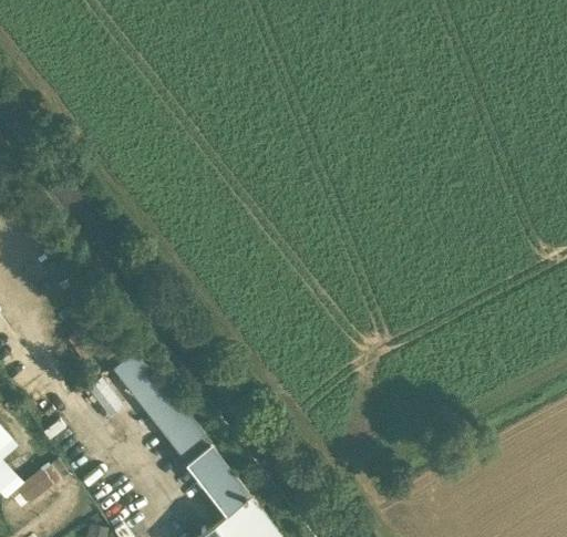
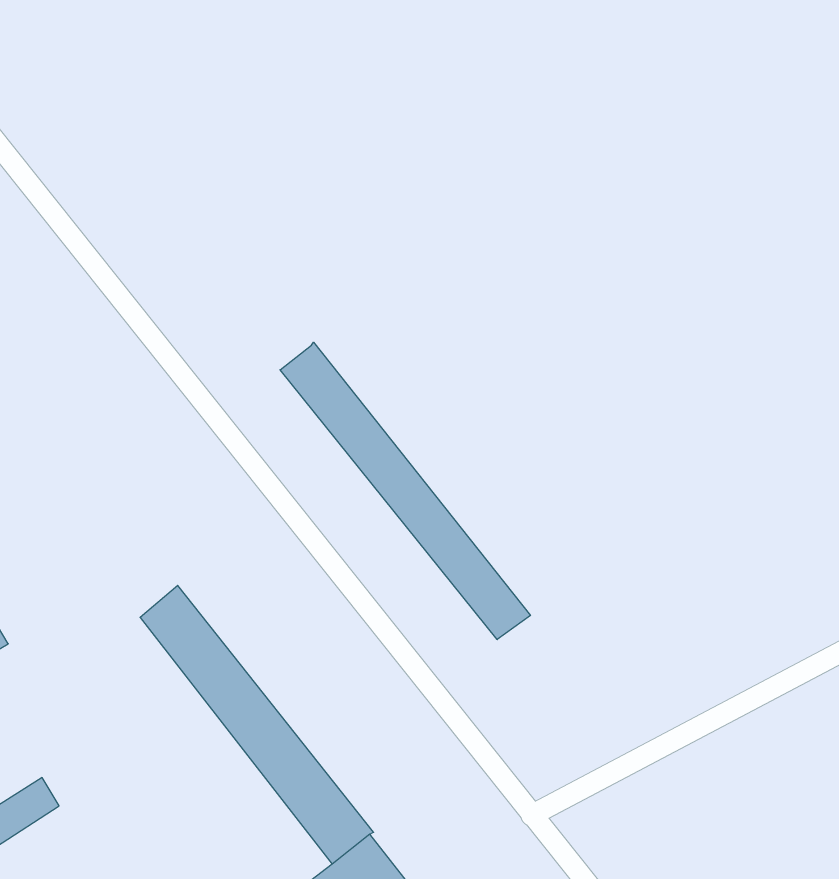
building: none -> [280,342,530,640]

